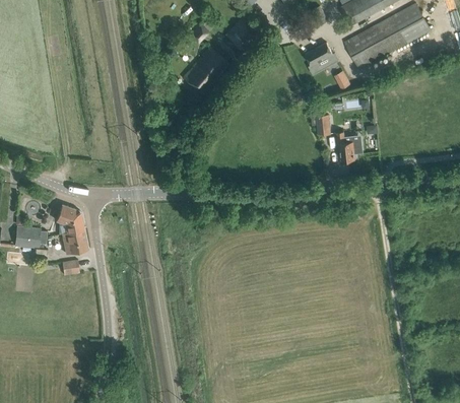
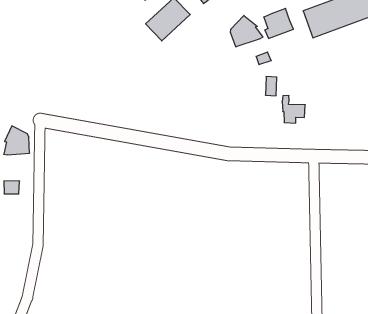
building: none -> [231,15,263,47]
building: [62,227,87,252] -> none

